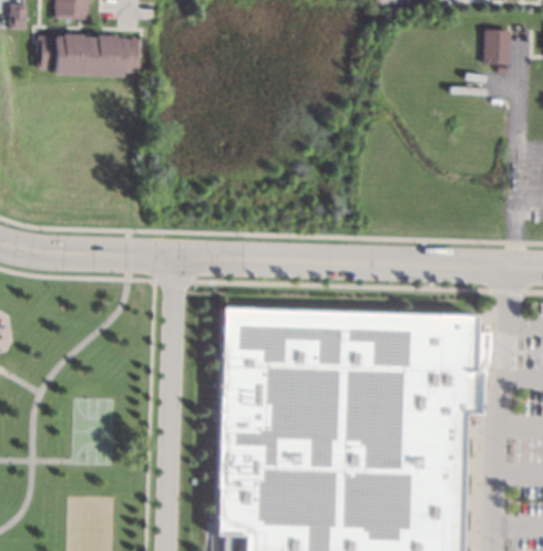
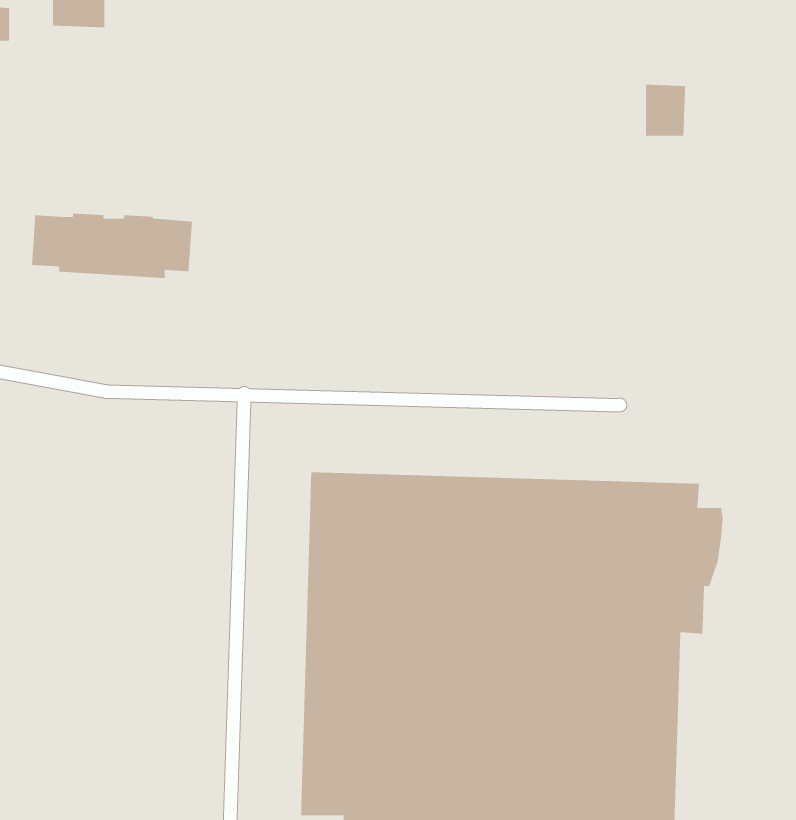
building: [485,29,512,63] -> [645,84,686,137]
building: [37,33,142,76] -> [31,213,193,279]

